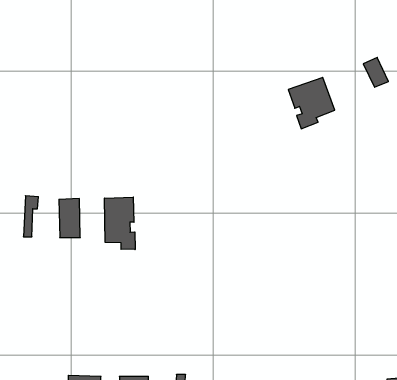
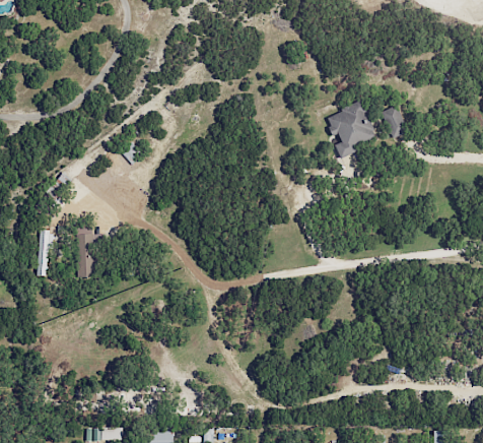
building: [363,57,388,87] -> [381,105,408,137]
building: [105,197,135,250] -> none

